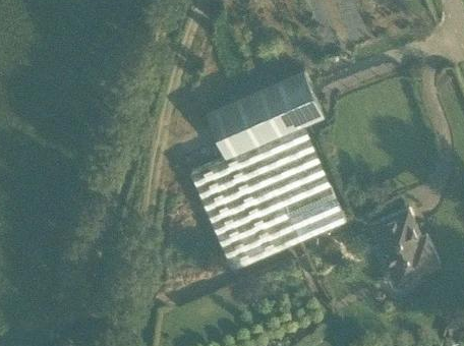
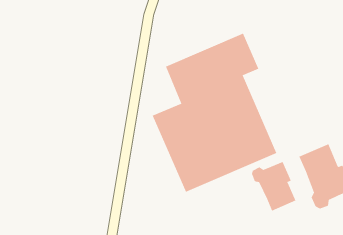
building: none -> [251,161,296,212]

